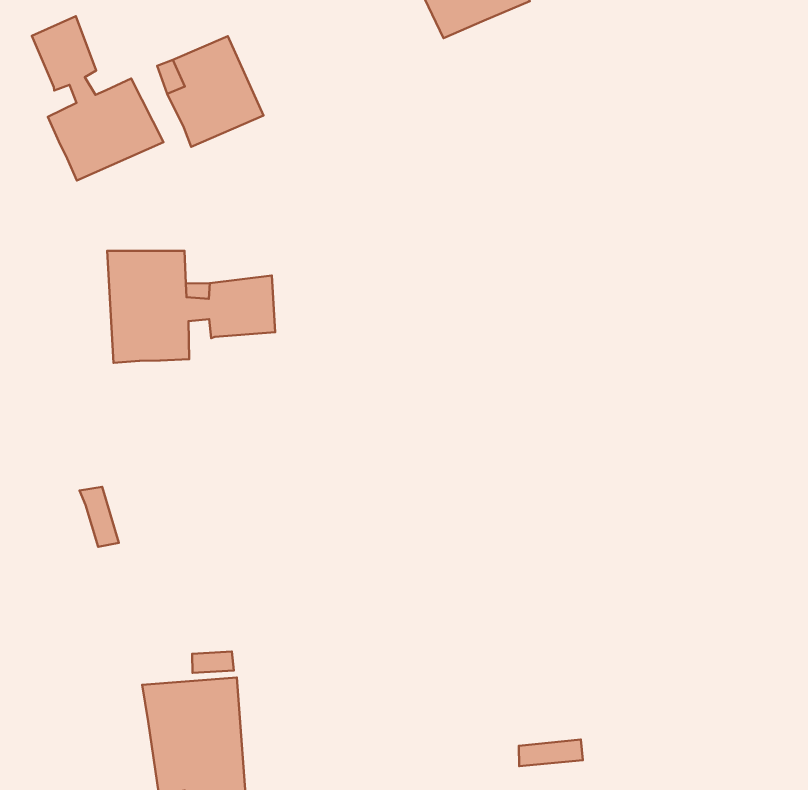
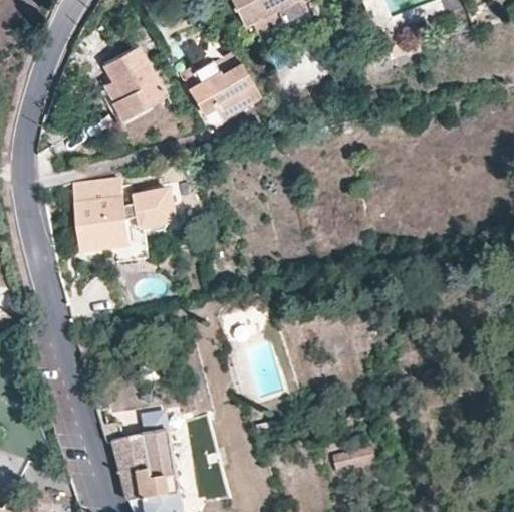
building: [32,16,163,181] -> none
building: none -> [178,62,257,116]

